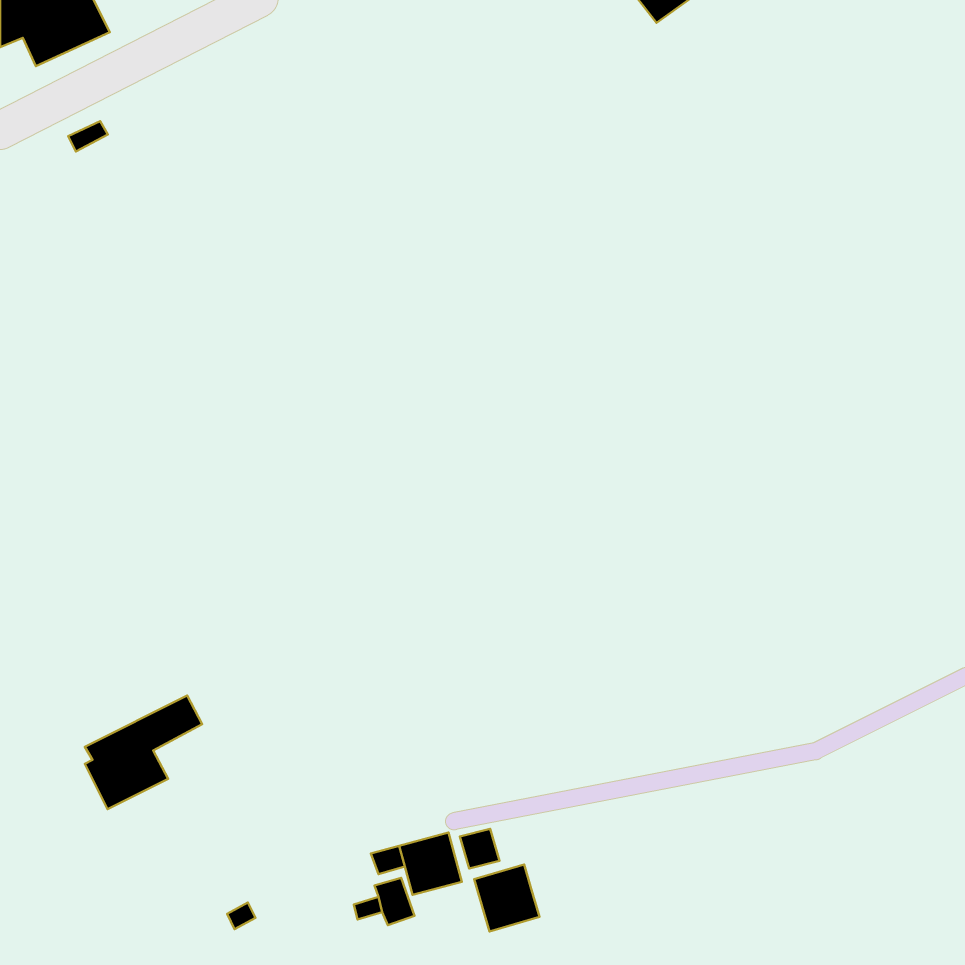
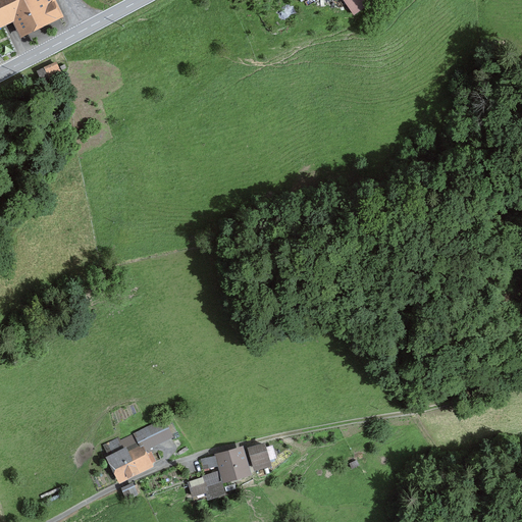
building: [85,696,202,809] -> [107,421,170,482]
building: [474,864,539,932] -> none

